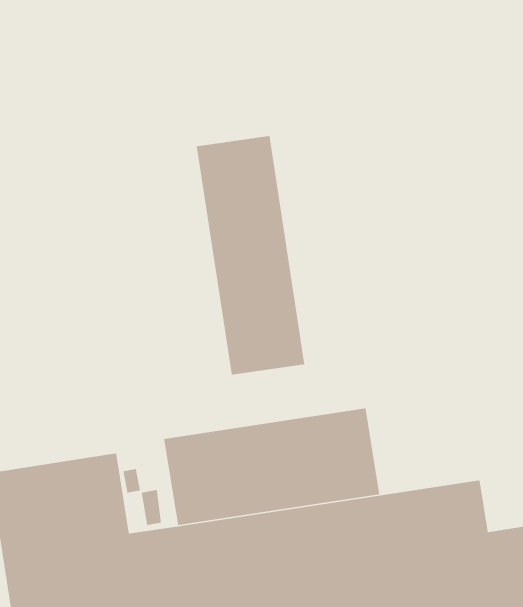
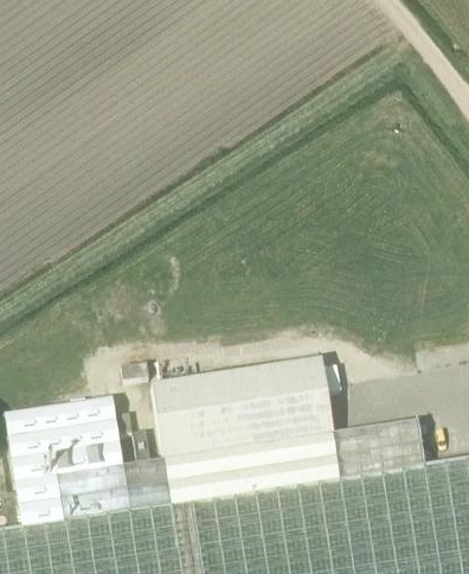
building: [196,135,305,375] -> none

